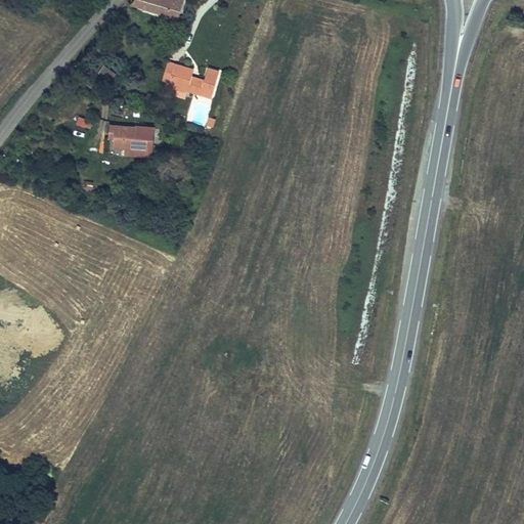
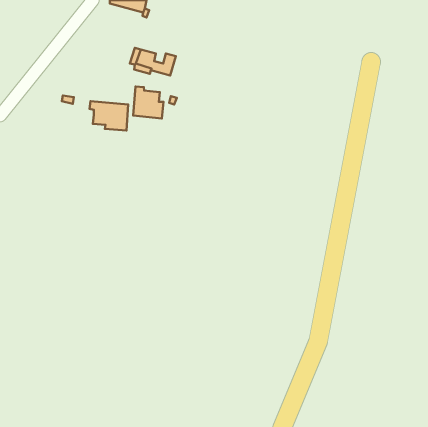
building: none -> [133,87,163,118]

